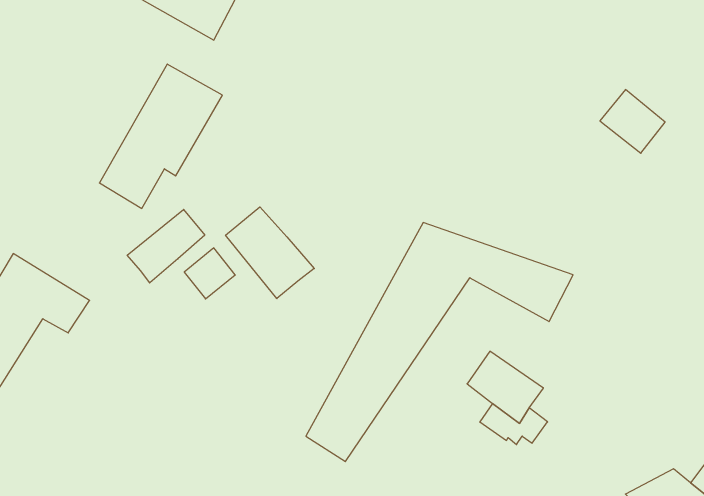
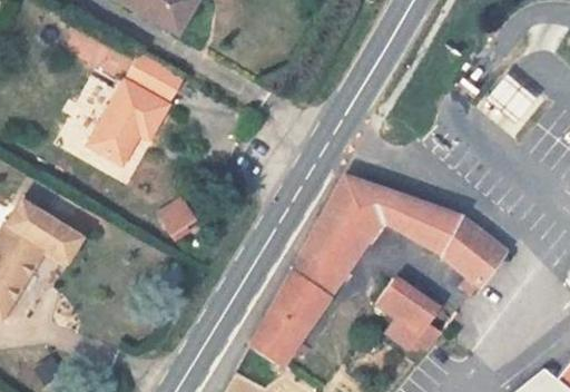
building: [226,207,314,299] -> none
building: [127,209,205,283] -> none
building: none -> [443,217,505,285]

